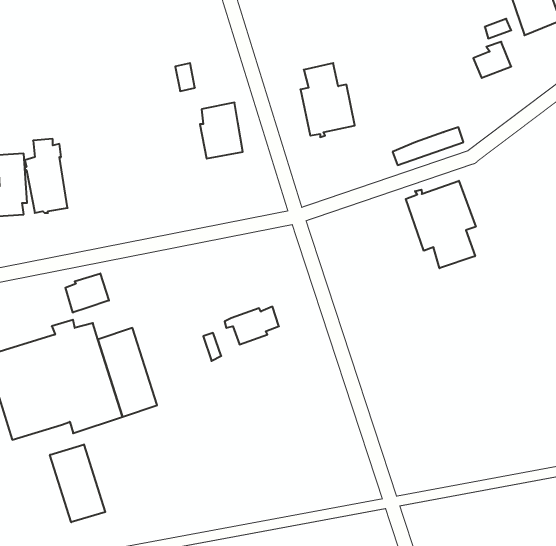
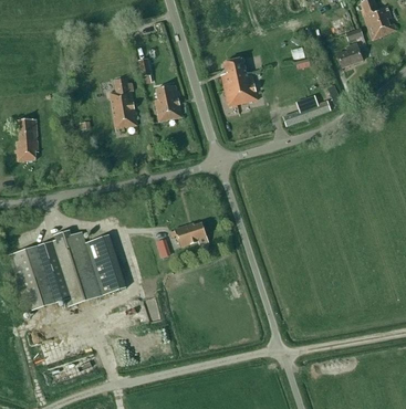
building: [25,139,68,213] -> [108,78,137,128]
building: [406,181,476,268] -> none
building: [65,273,109,313] -> none
building: [50,444,105,522] -> none

